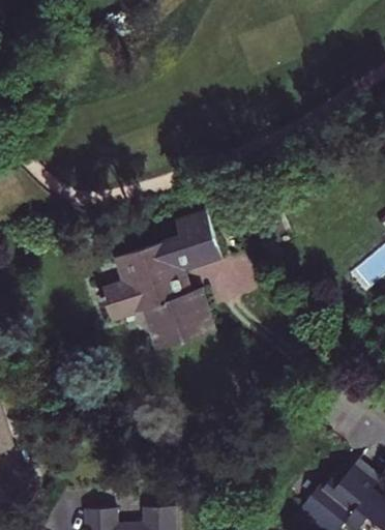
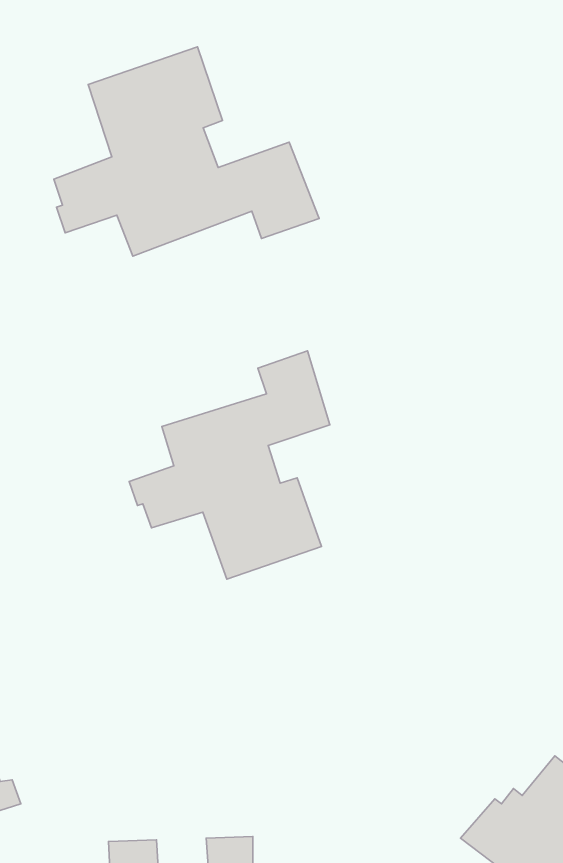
building: none -> [54,47,319,256]

